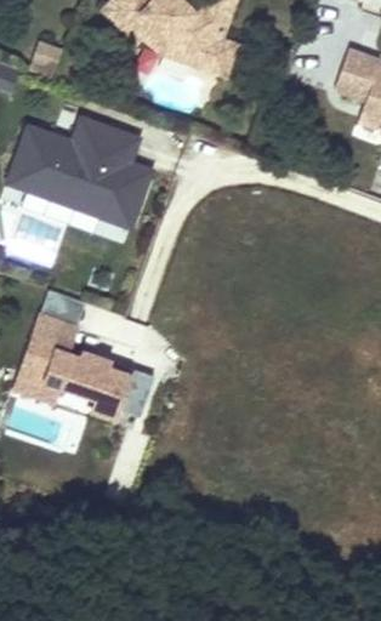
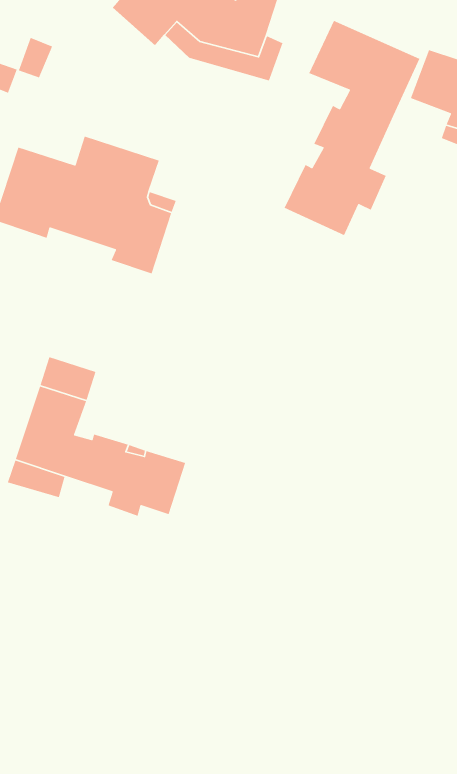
building: none -> [283,20,420,236]

